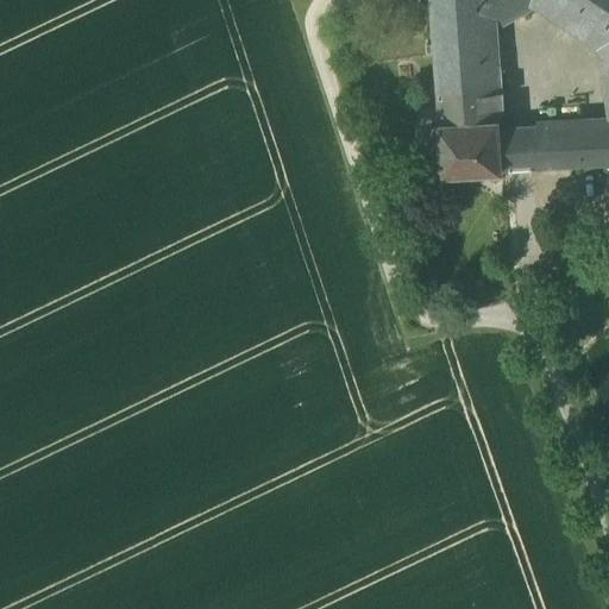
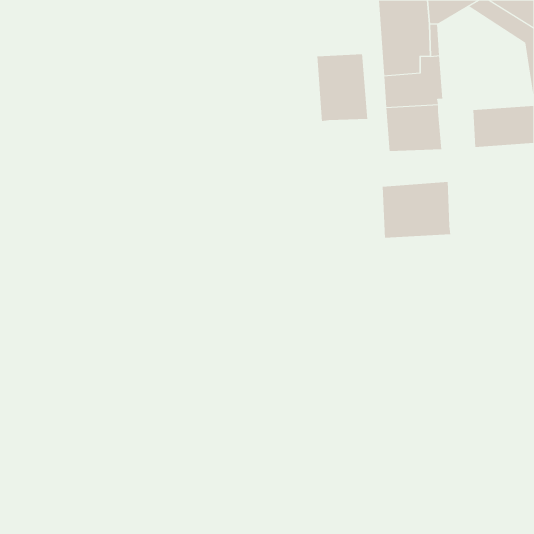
building: none -> [317,54,368,122]
building: [500,125,540,170] -> none
building: none -> [382,181,451,239]

